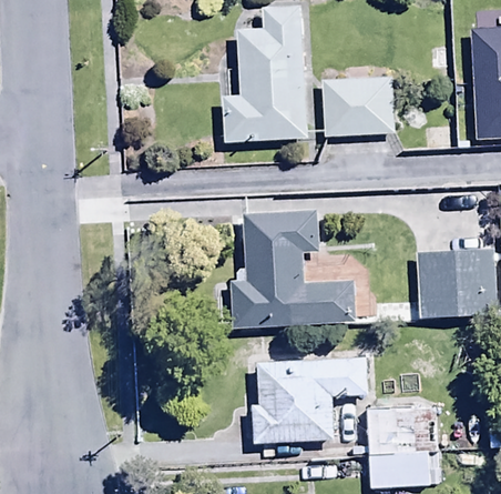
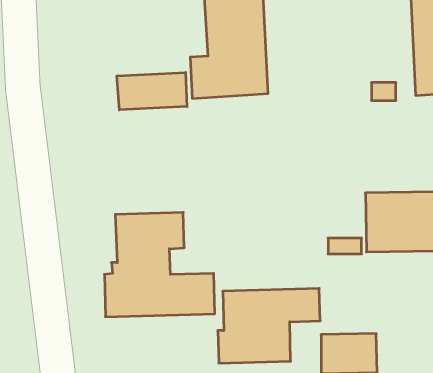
building: [323,78,393,138] -> none
building: none -> [117,72,187,110]
building: [231,211,355,329] -> [104,212,215,317]

